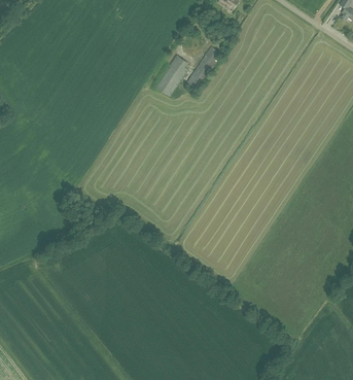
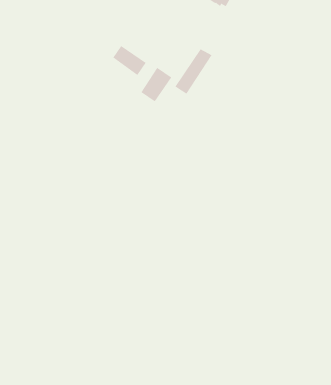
building: none -> [112,45,146,76]

